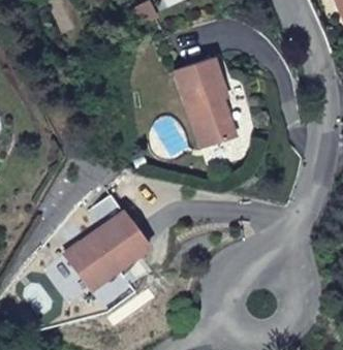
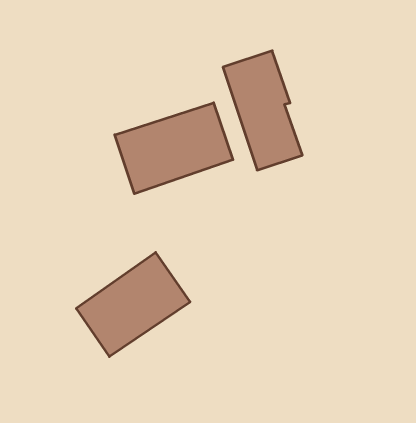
building: none -> [115,103,233,194]

